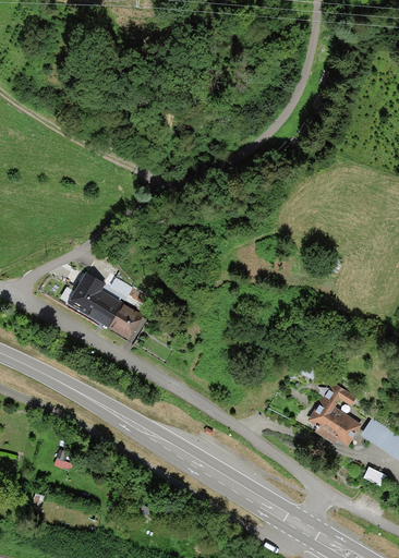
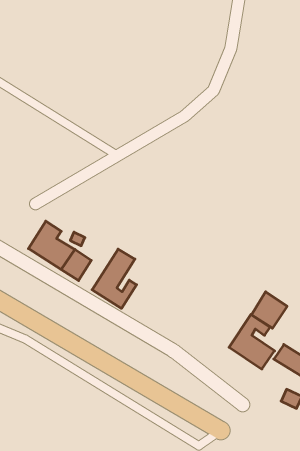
building: none -> [92,249,137,308]
building: none -> [252,292,287,328]

